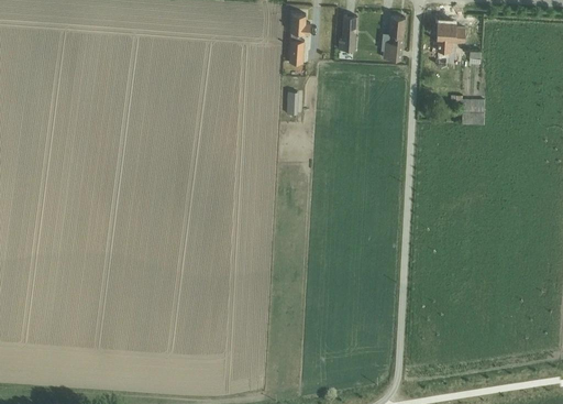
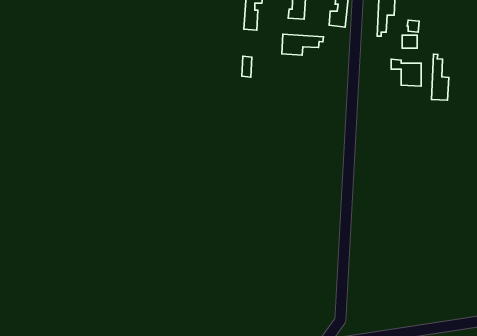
building: none -> [282,34,323,55]
building: none -> [431,54,449,100]

